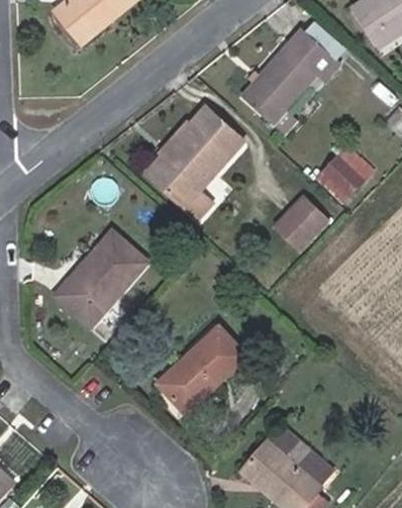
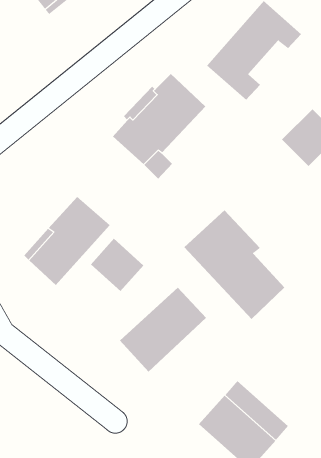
building: [279,198,326,246] -> none
building: none -> [183,210,285,320]
building: none -> [90,238,144,292]

